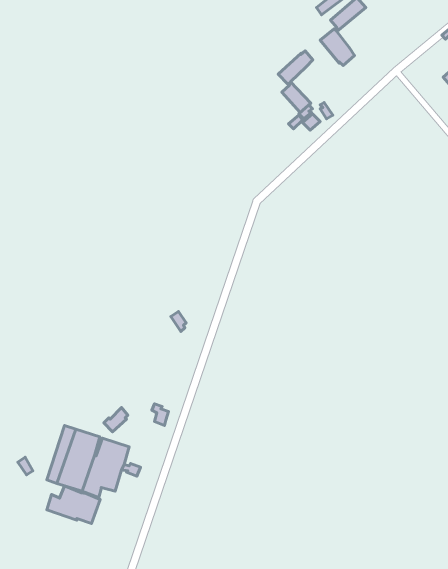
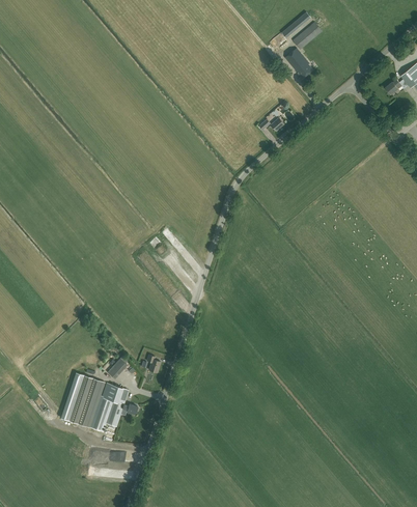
building: [278,51,313,113] -> none
building: [47,486,100,524] -> none

